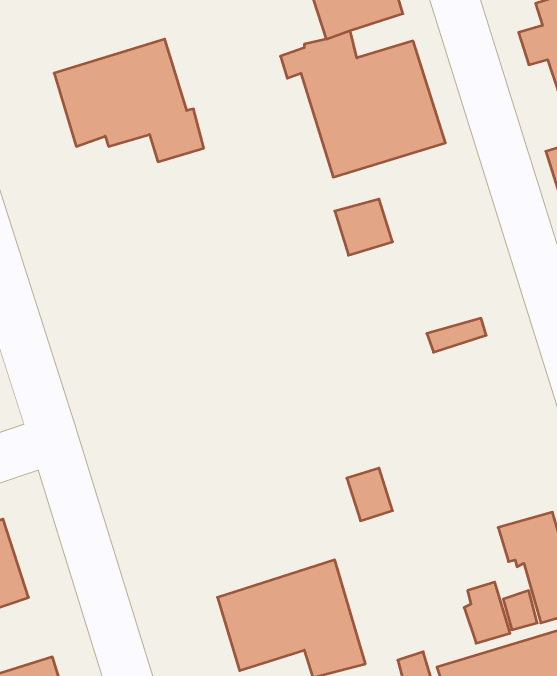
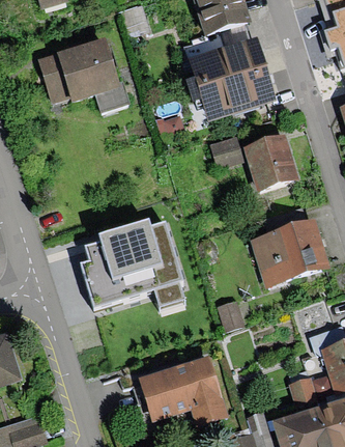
building: none -> [243,133,299,192]
building: none -> [250,219,332,288]
building: none -> [80,221,185,309]

